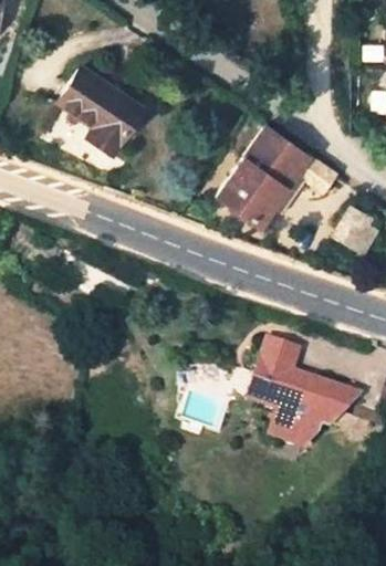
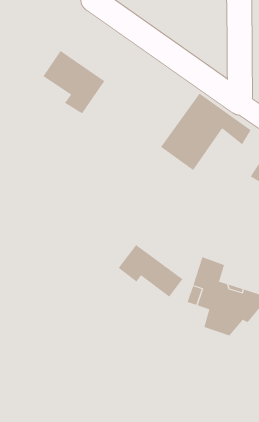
building: none -> [118,244,183,298]

